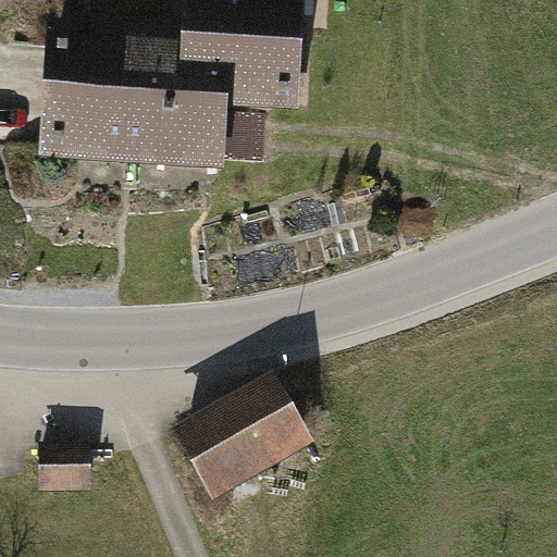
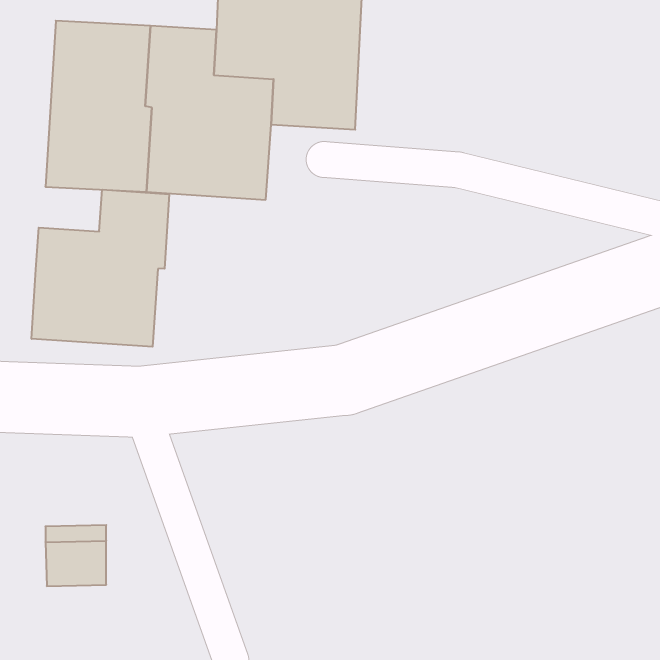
building: none -> [32,190,169,347]
building: [171,370,314,500] -> none

